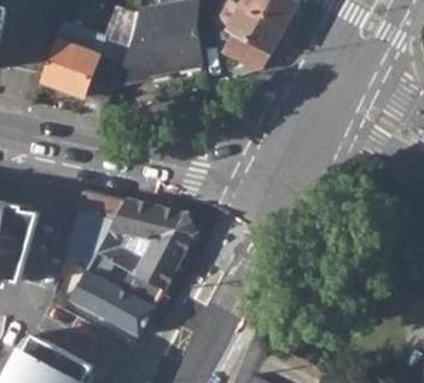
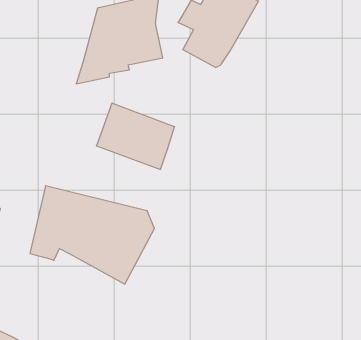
building: [40,39,120,106] -> [96,103,175,169]
building: [69,254,152,336] -> none

